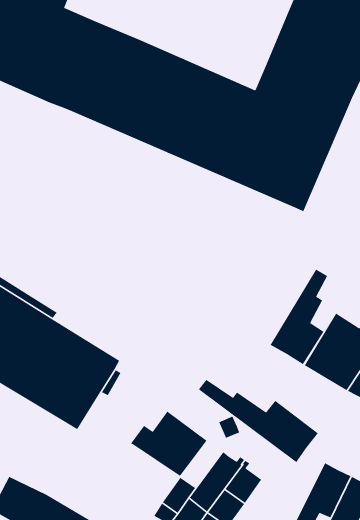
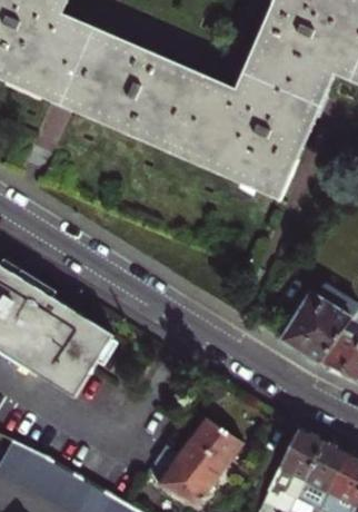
building: [270,268,328,365] -> none
building: [198,379,319,463] -> none
building: [130,411,207,477] -> none

